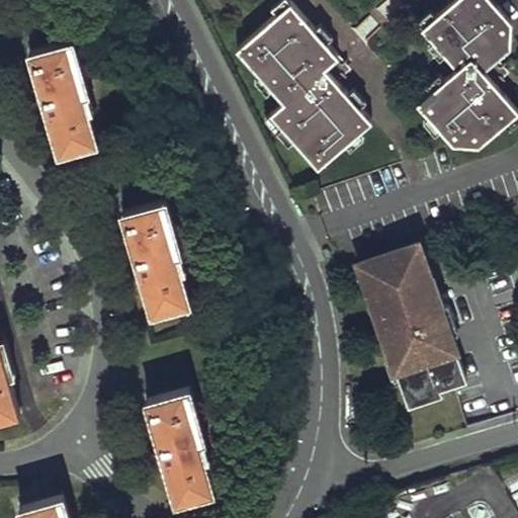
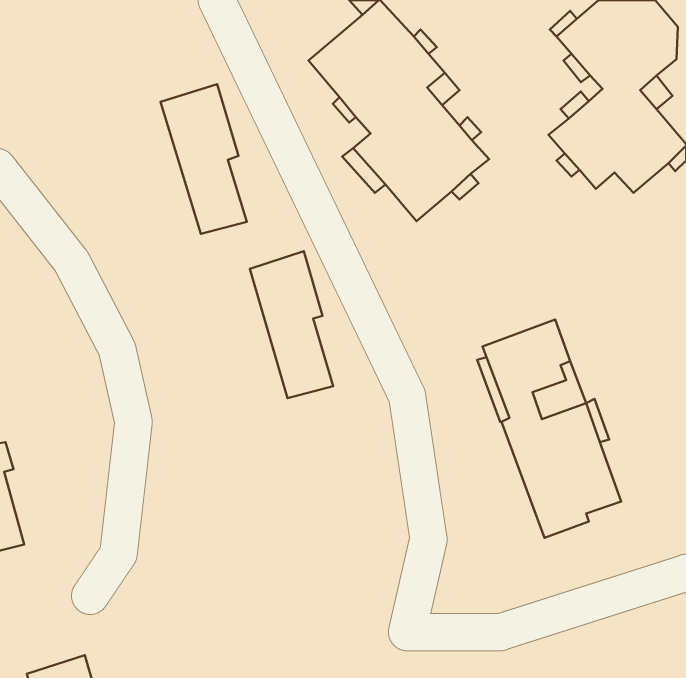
building: [29,44,94,156] -> [160,84,247,234]
building: [122,203,185,314] -> [250,251,333,398]
building: [147,393,210,503] -> none

